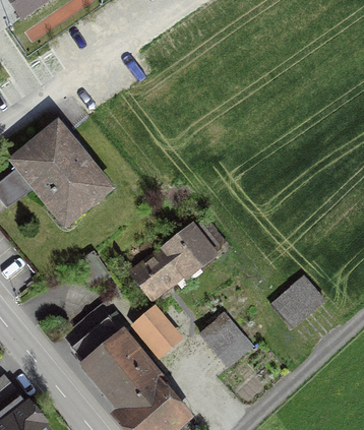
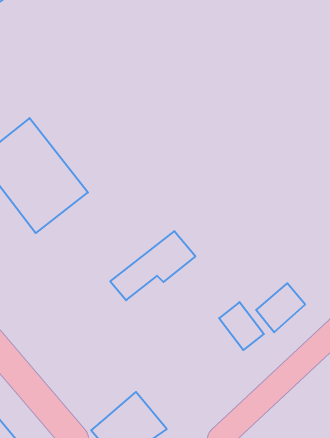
building: [139,302,189,352] -> none
building: [206,317,249,363] -> [219,302,264,350]
building: [73,319,159,412] -> none

